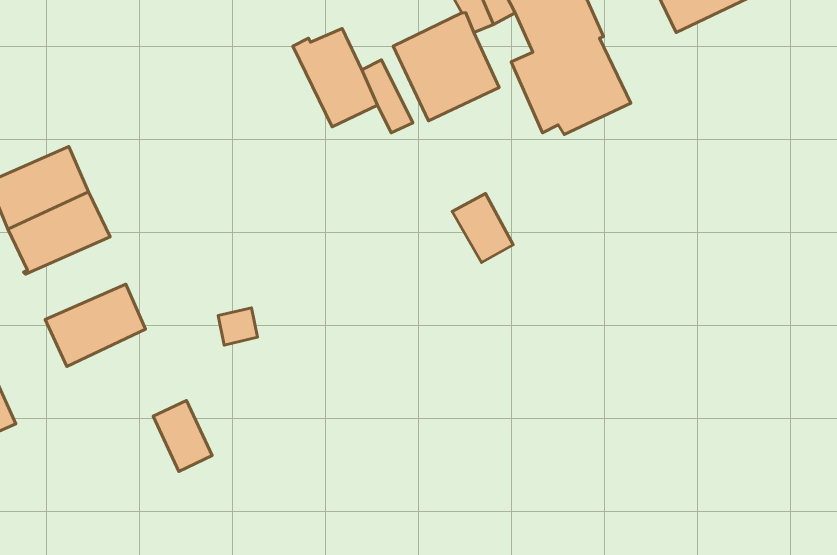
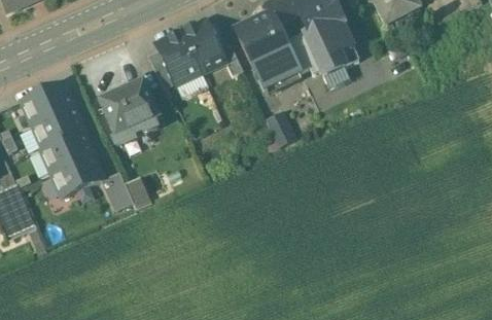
building: none -> [156,30,202,84]
building: none -> [252,51,300,91]
building: none -> [101,83,157,137]
building: none -> [41,130,94,173]
building: [153,401,212,471] -> [102,173,133,210]

